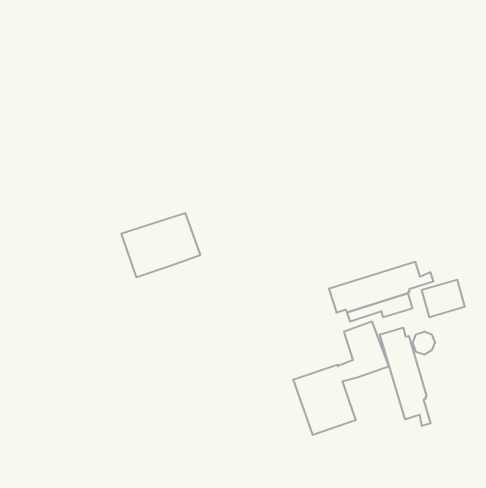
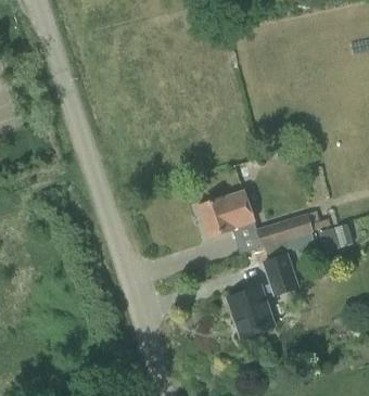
building: [121,213,200,277] -> [196,190,254,237]
building: [380,328,431,426] -> none

